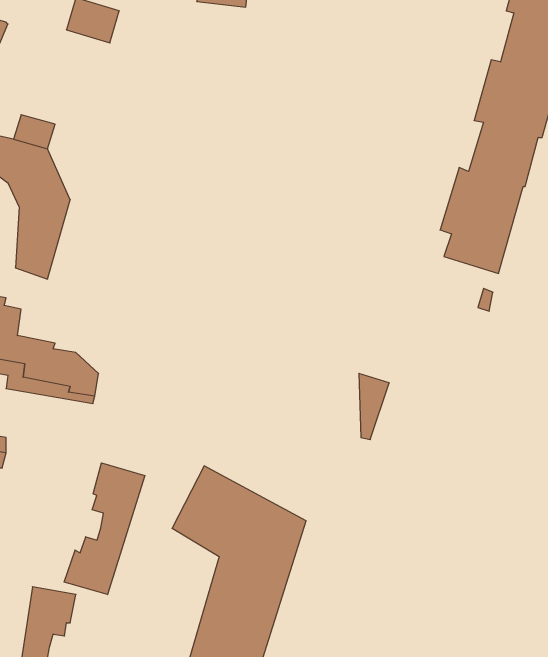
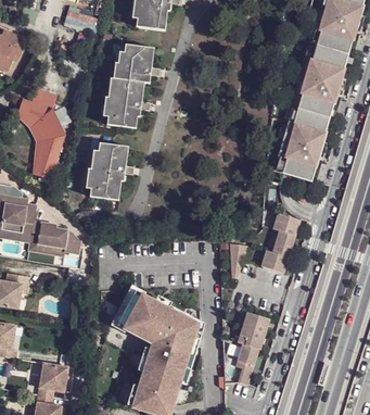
building: none -> [107,42,154,125]
building: none -> [90,140,128,197]
building: none -> [260,212,299,272]
building: [64,463,145,595] -> none
building: none -> [237,311,270,383]

